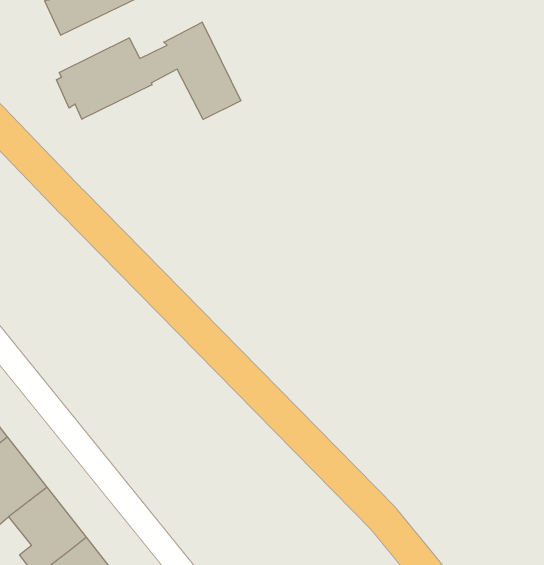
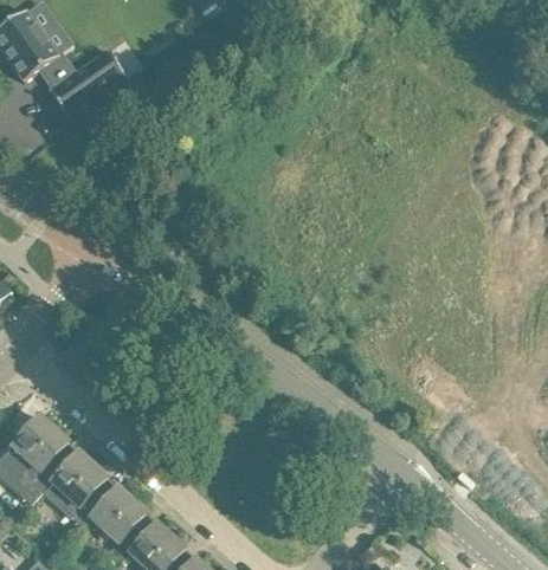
building: [56,22,241,119] -> none

